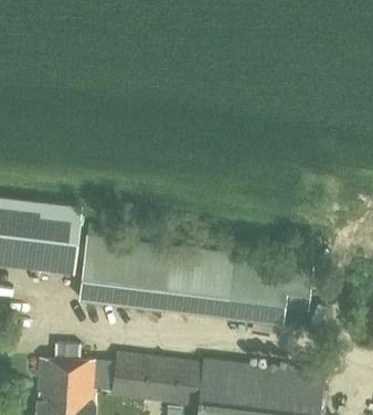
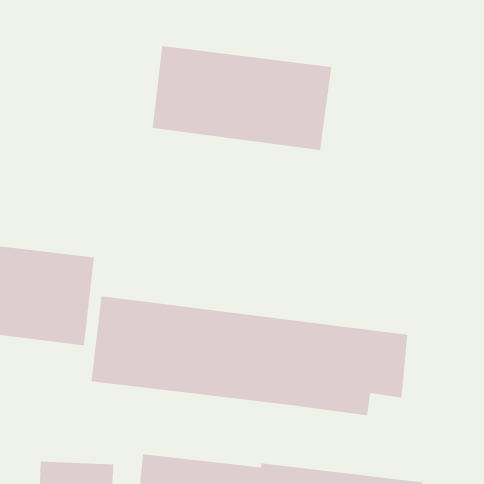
building: none -> [152,45,332,151]

